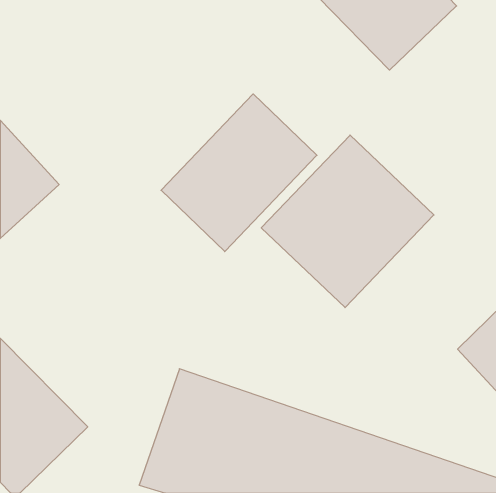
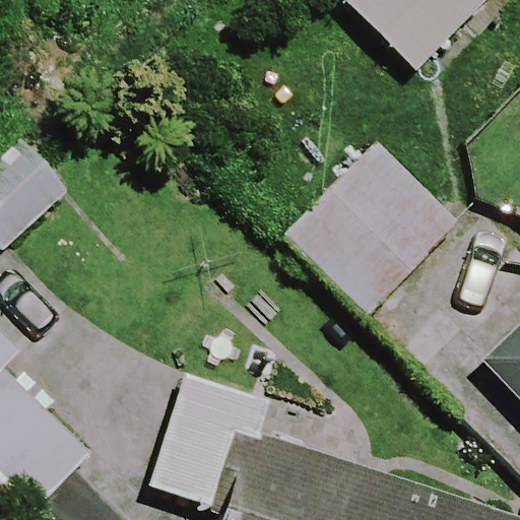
building: [161,94,317,252] -> none

